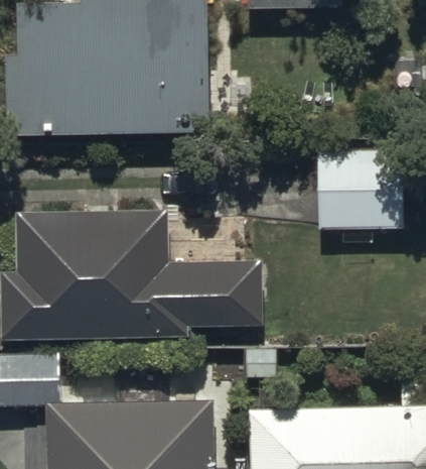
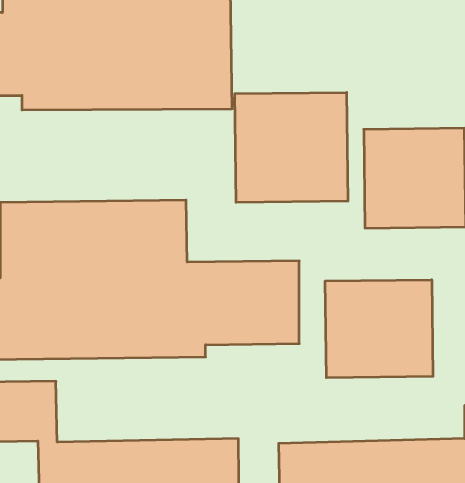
building: none -> [235,92,348,202]
building: none -> [325,280,433,378]

